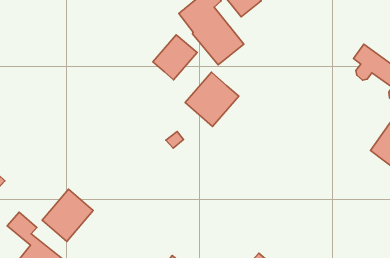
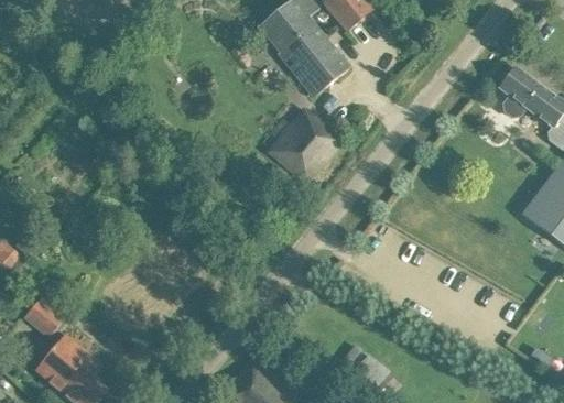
building: [153,35,197,80] -> none
building: [42,189,93,241] -> none

